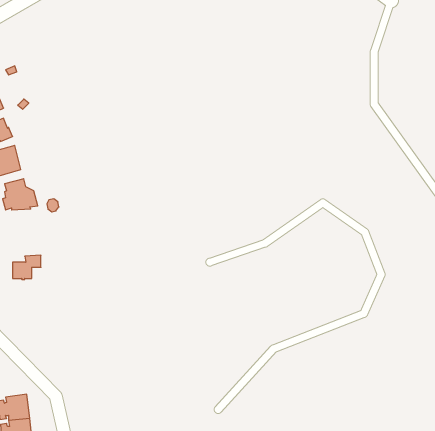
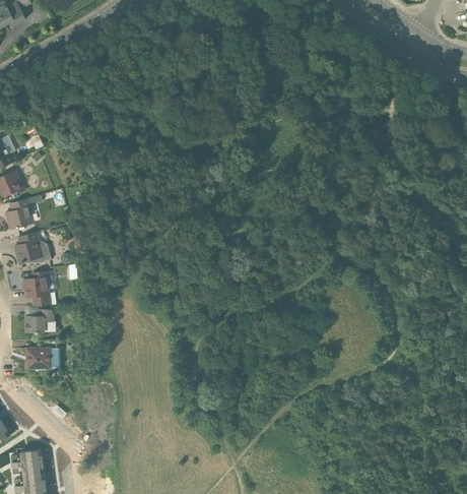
building: none -> [22,270,51,306]
building: none -> [25,339,56,369]

